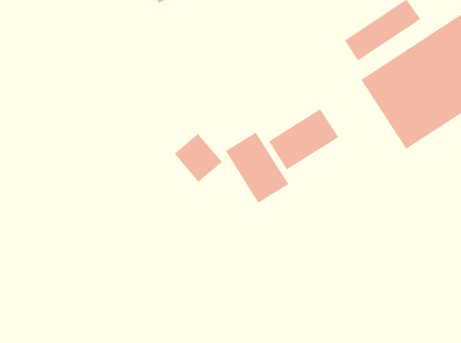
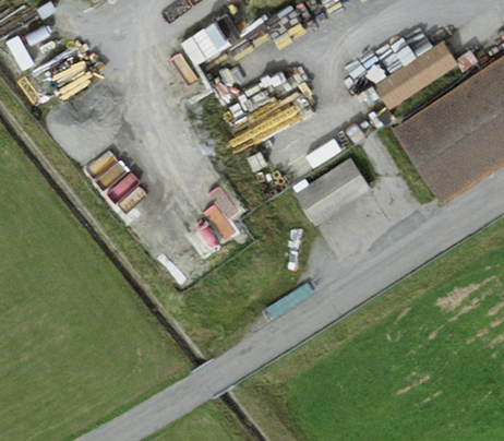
building: [225,132,289,203] -> none

